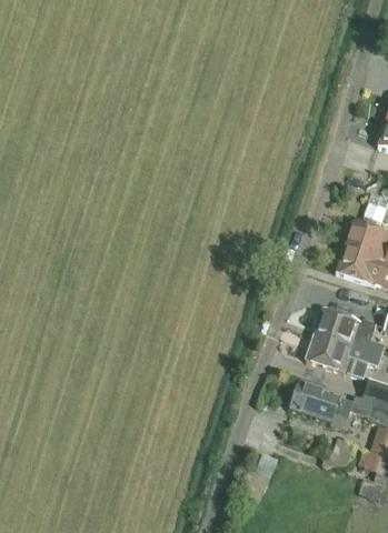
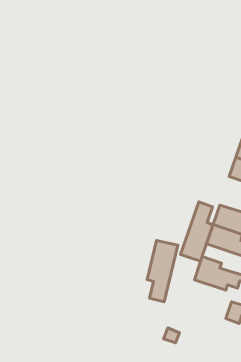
building: none -> [181,202,213,261]
building: none -> [147,240,178,302]

